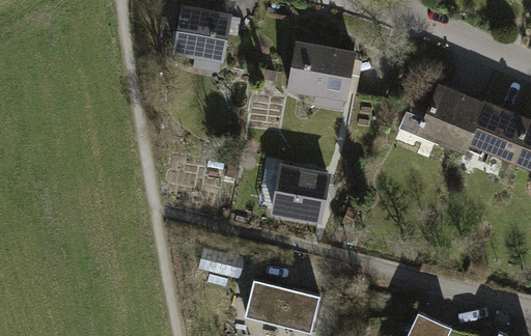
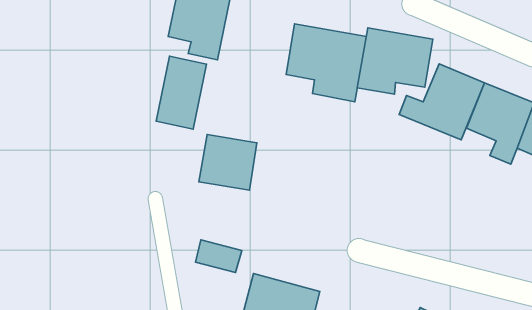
building: none -> [357,28,433,94]
building: none -> [156,56,207,129]
building: [273,167,330,222] -> [199,134,257,190]

